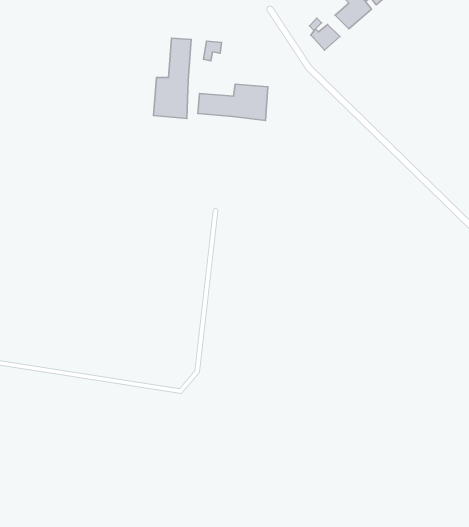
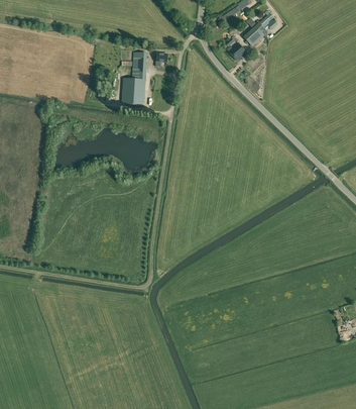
building: [198,84,268,121] -> none

